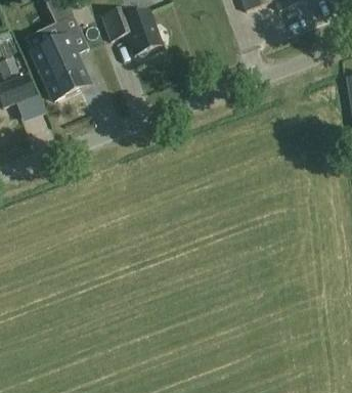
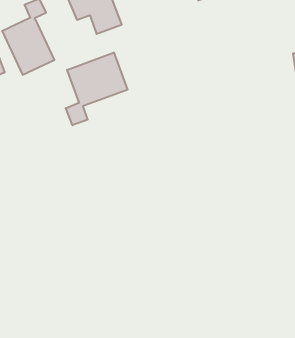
building: none -> [66,52,128,125]

